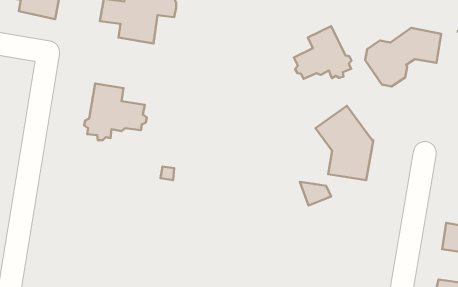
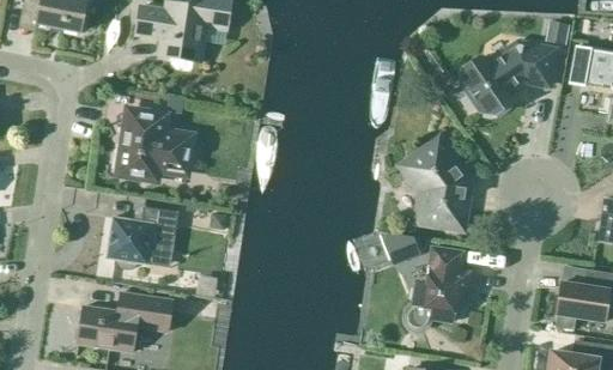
building: [294,26,351,79] -> none
building: none -> [107,206,178,269]
building: none -> [403,247,469,330]
building: none -> [77,292,172,352]

